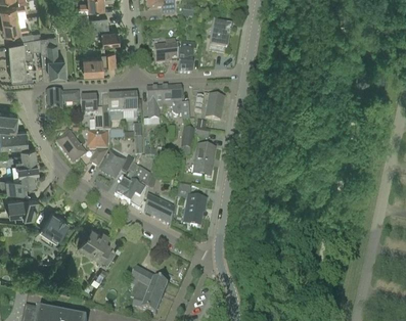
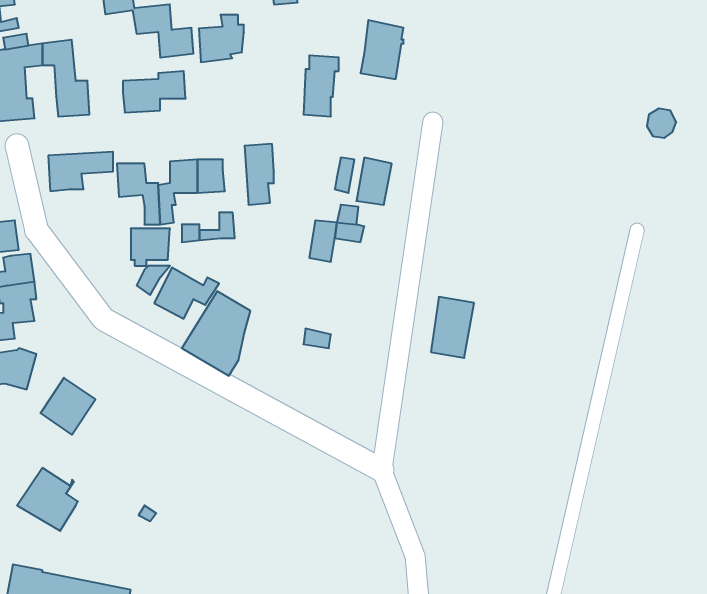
building: [153,38,177,62] -> [199,15,244,62]
building: [161,85,188,118] -> none
building: [56,130,86,162] -> none
building: [192,143,215,175] -> [431,297,474,358]
building: [143,193,174,223] -> none
building: [183,195,206,224] -> none
building: [79,224,110,257] -> [17,468,78,531]
building: [128,266,168,313] -> none

